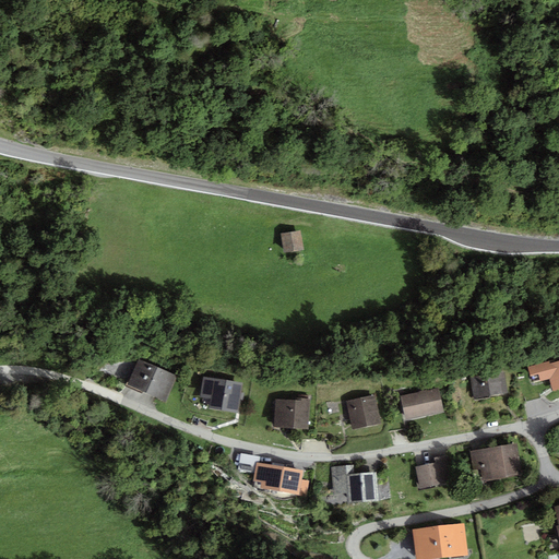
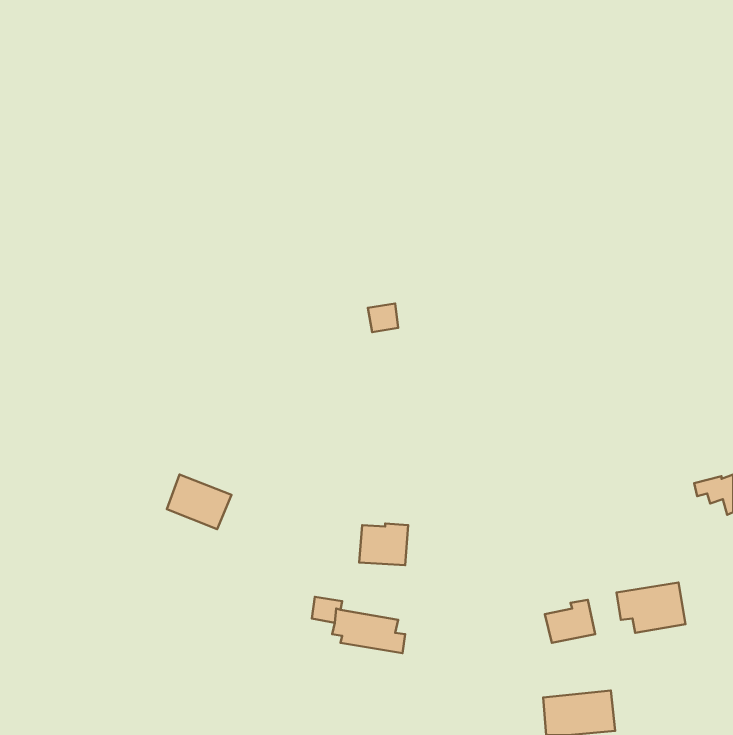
building: [469,370,509,399] -> none
building: [199,376,243,414] -> none
building: [400,388,443,420] -> none
building: [345,394,380,430] -> none
building: [331,465,378,506] -> none

